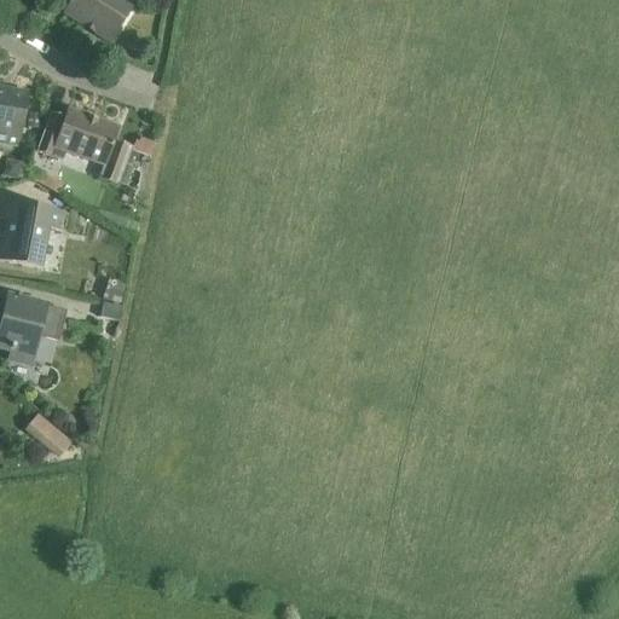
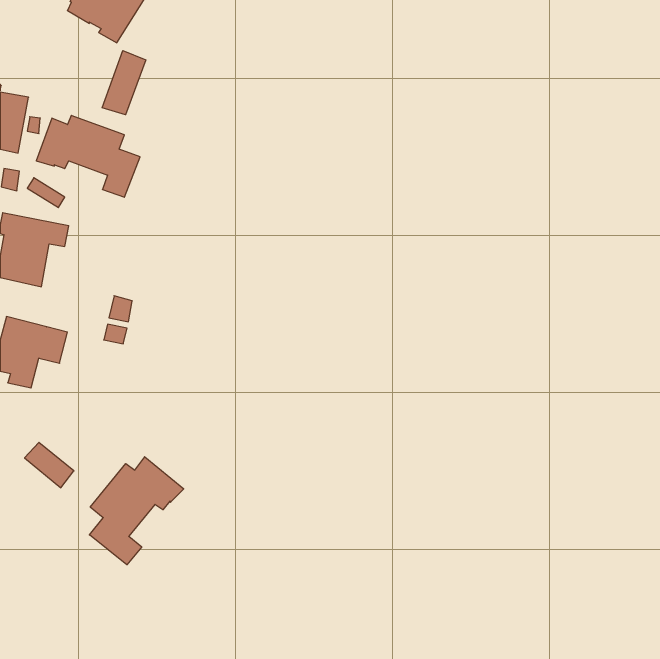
building: none -> [102,51,146,115]
building: none -> [89,457,184,565]

